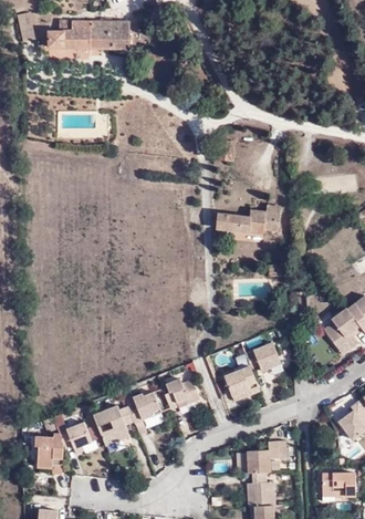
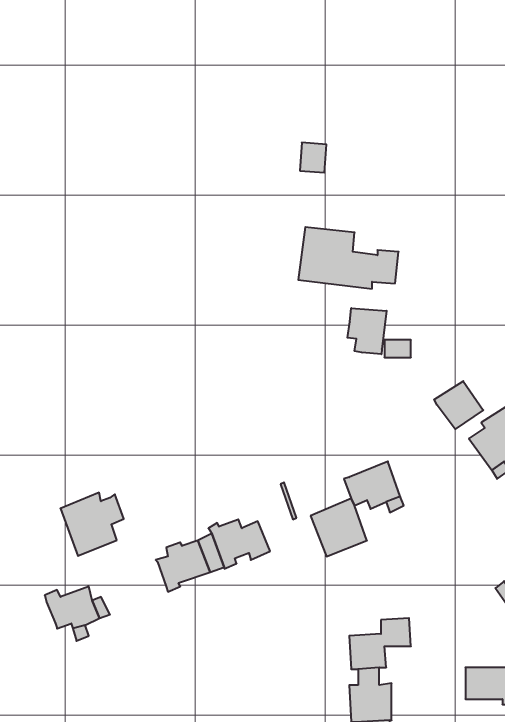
building: none -> [347,308,387,354]
building: none -> [434,381,483,429]
building: [93,404,133,444] -> [60,493,124,556]
building: [35,430,63,466] -> none

